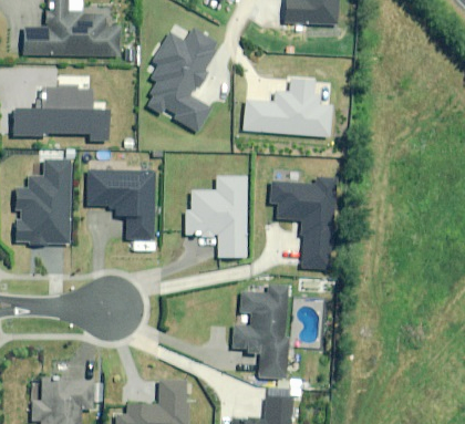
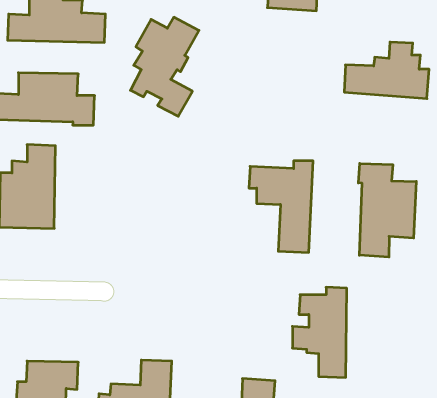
building: [245,77,331,135] -> [344,42,429,99]
building: [85,170,155,240] -> none
building: [185,176,247,256] -> none
building: none -> [358,163,416,257]
building: [233,286,288,378] -> [292,287,347,377]

